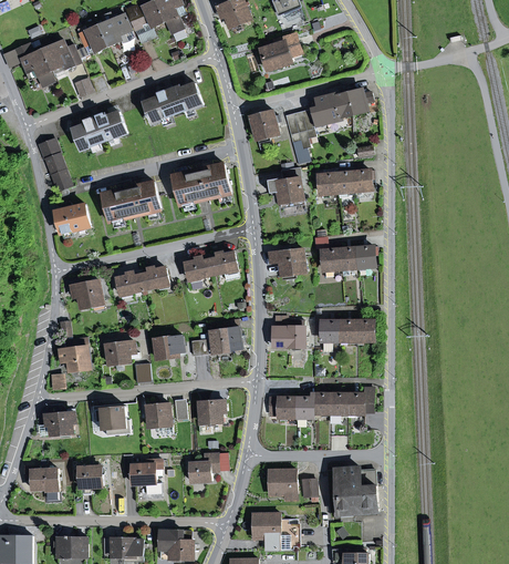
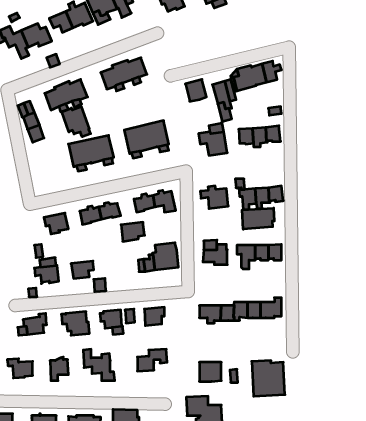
building: [259,35,298,70] -> none
building: none -> [62,107,91,137]
building: [55,204,89,233] -> none
building: none -> [242,208,274,229]
building: [154,335,184,359] -> [121,222,145,241]

